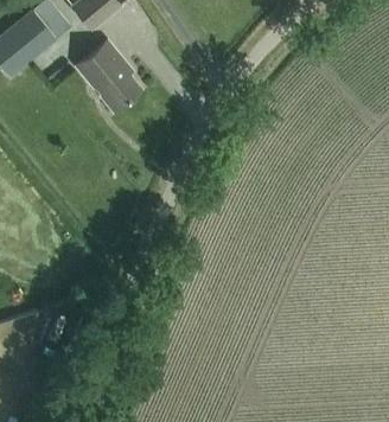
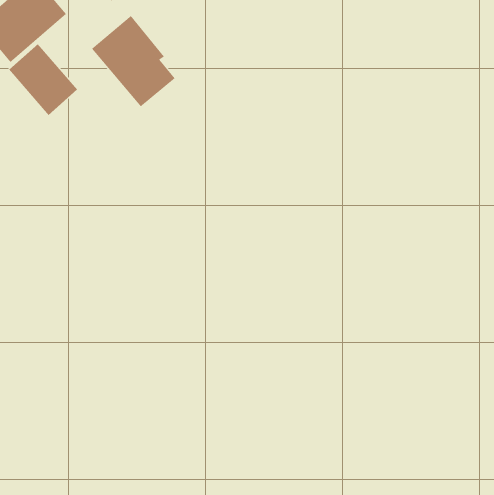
building: none -> [8,43,78,116]

